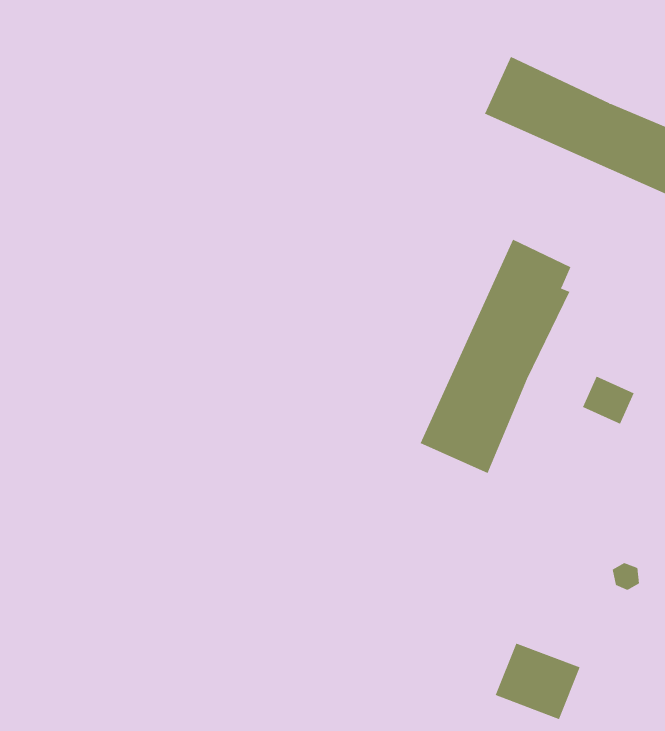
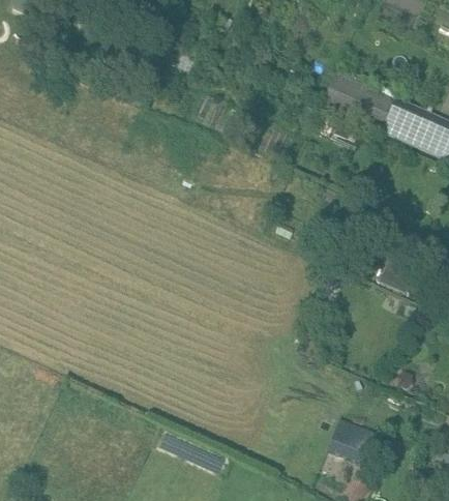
building: [420,239,571,474] -> none

